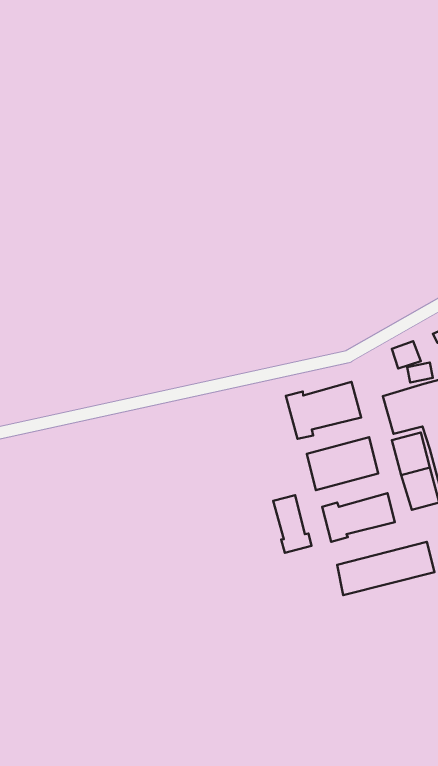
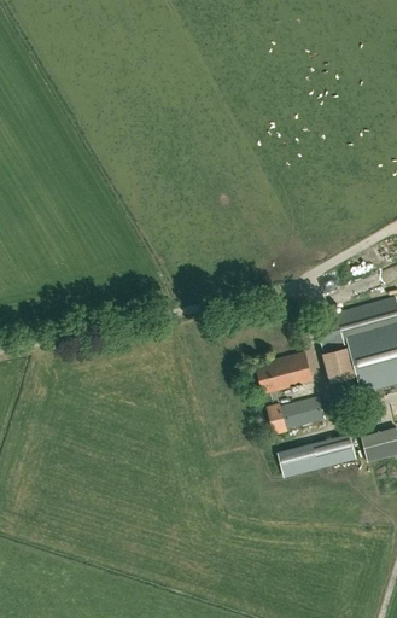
building: [286,382,361,439] -> none
building: [273,495,311,553] -> none

